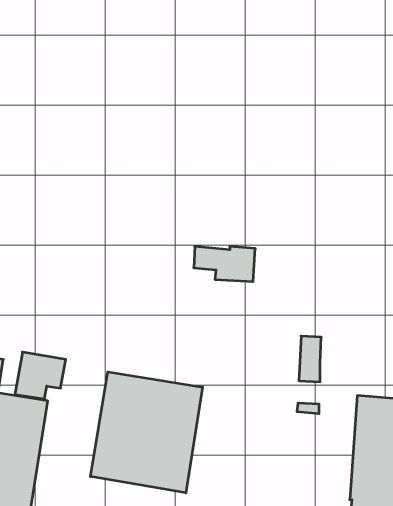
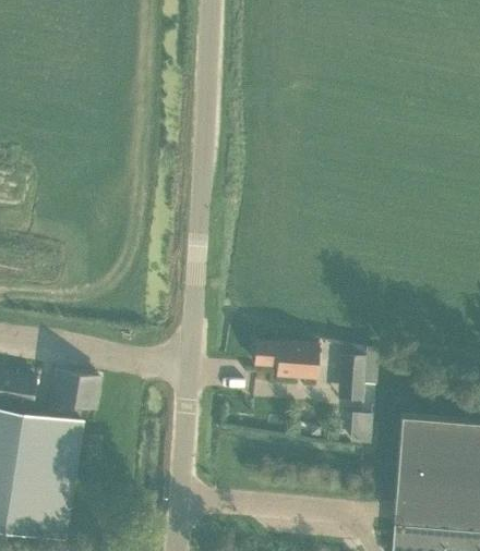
building: [194,247,255,282] -> [255,344,319,380]
building: [90,372,203,493] -> none

